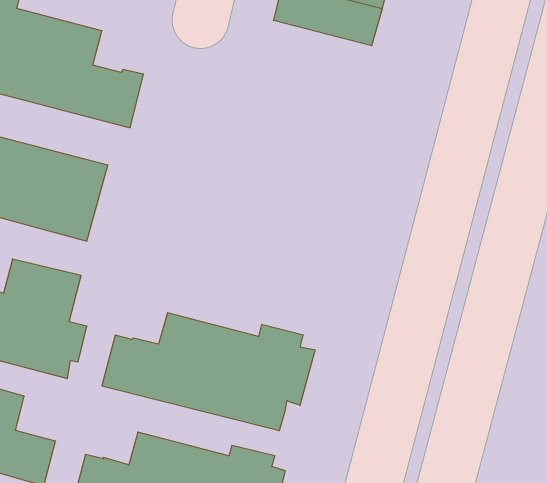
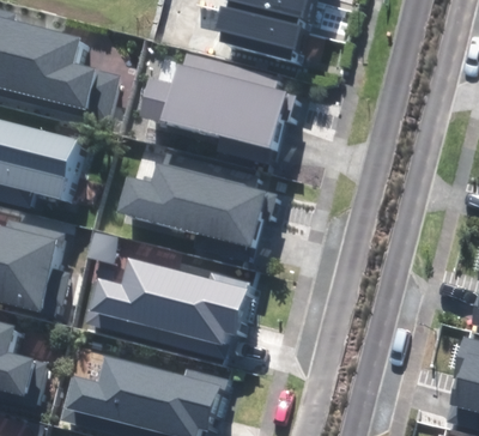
building: none -> [146,53,295,163]
building: none -> [126,153,277,256]

